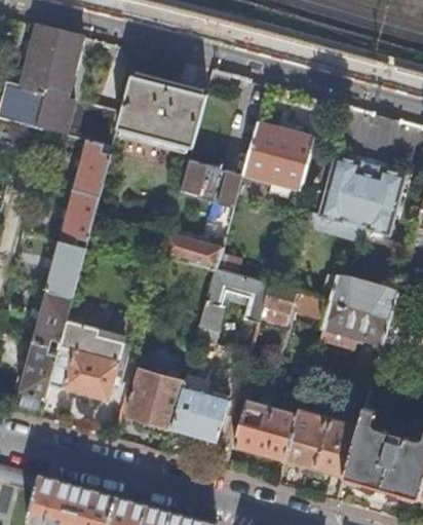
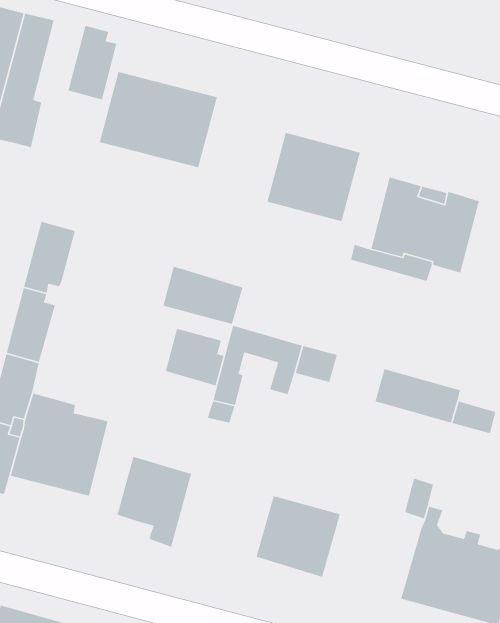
building: [71,140,109,197] -> [67,25,117,100]
building: [183,160,242,211] -> none
building: none -> [165,328,225,386]
building: [331,275,398,318] -> none
building: [174,389,229,441] -> none
building: [285,408,359,478] -> none

